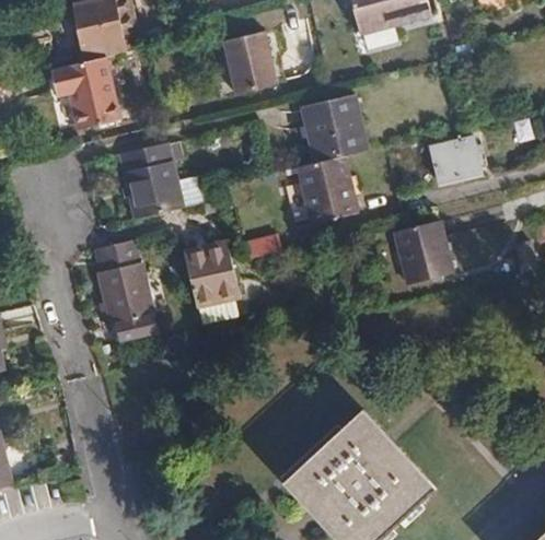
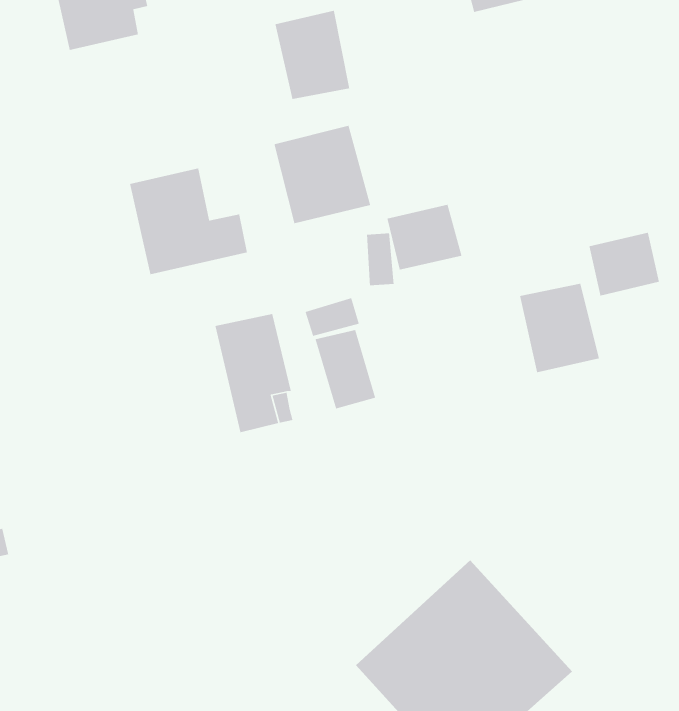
building: [49,56,120,127] -> none
building: [302,93,370,162] -> [273,125,371,224]
building: [431,136,480,180] -> [589,232,660,297]
building: [96,237,158,339] -> none
building: none -> [315,329,376,409]

